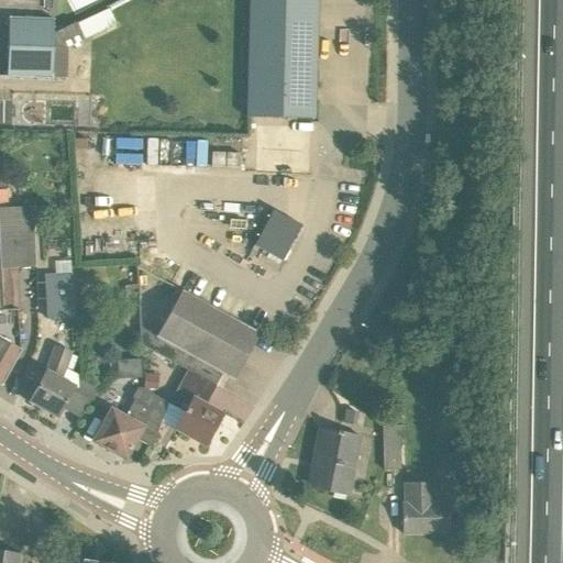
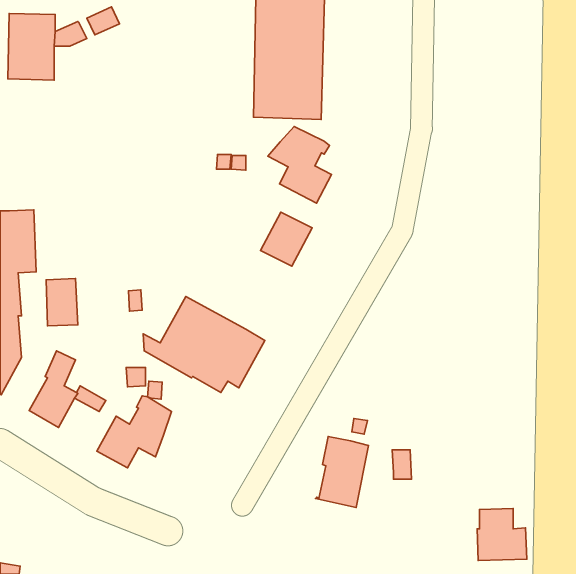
building: none -> [268,126,332,203]
building: [174,367,222,444] -> none
building: [401,481,450,531] -> [477,509,527,560]

